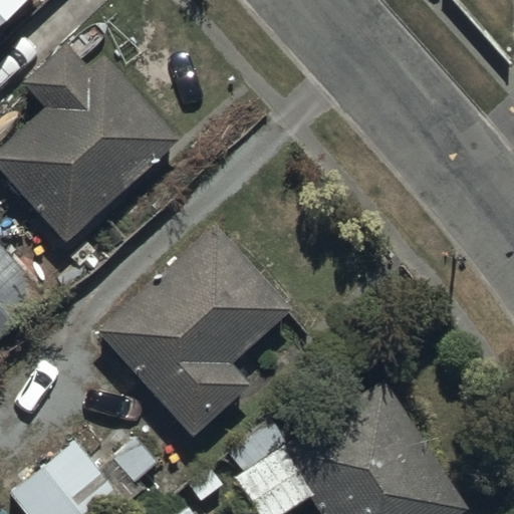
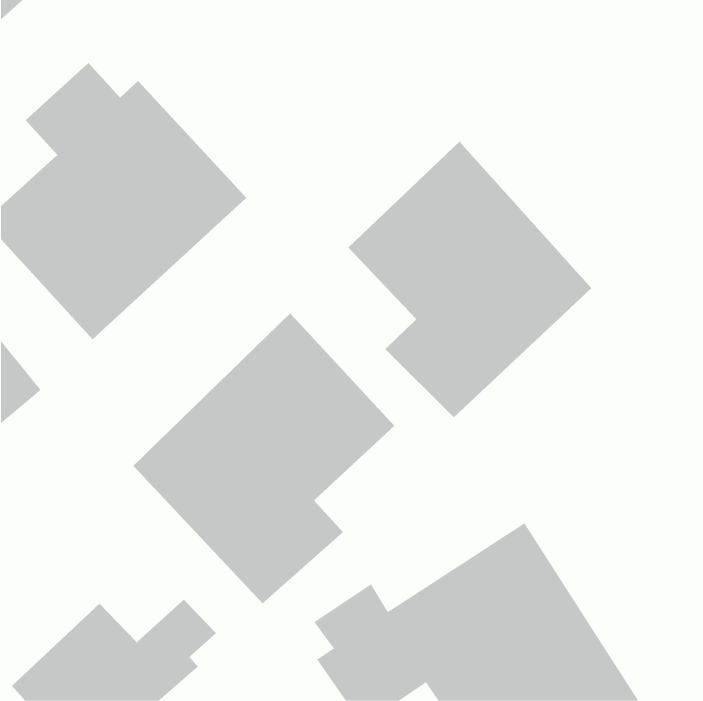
building: none -> [347,141,592,418]

